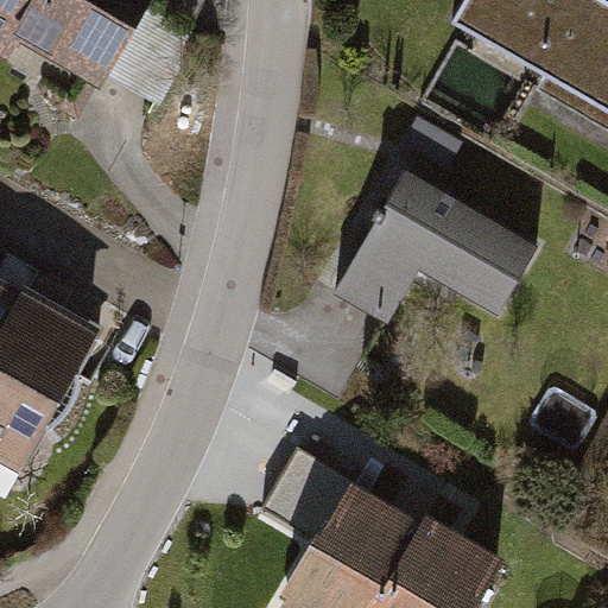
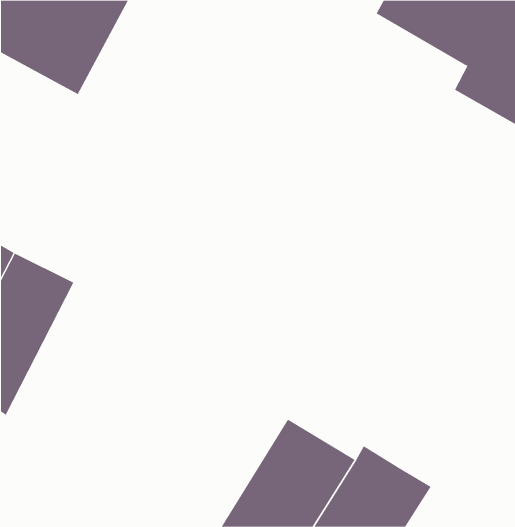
building: [317,152,563,332] -> none

